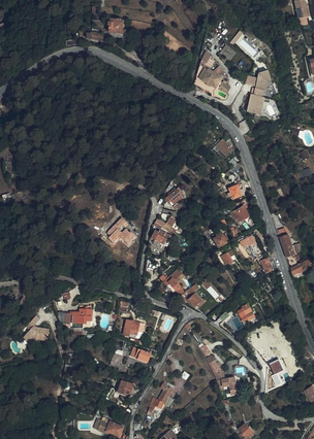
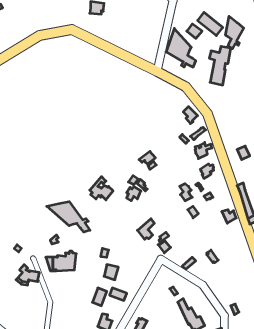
building: none -> [226,16,244,49]
building: none -> [47,202,90,232]

